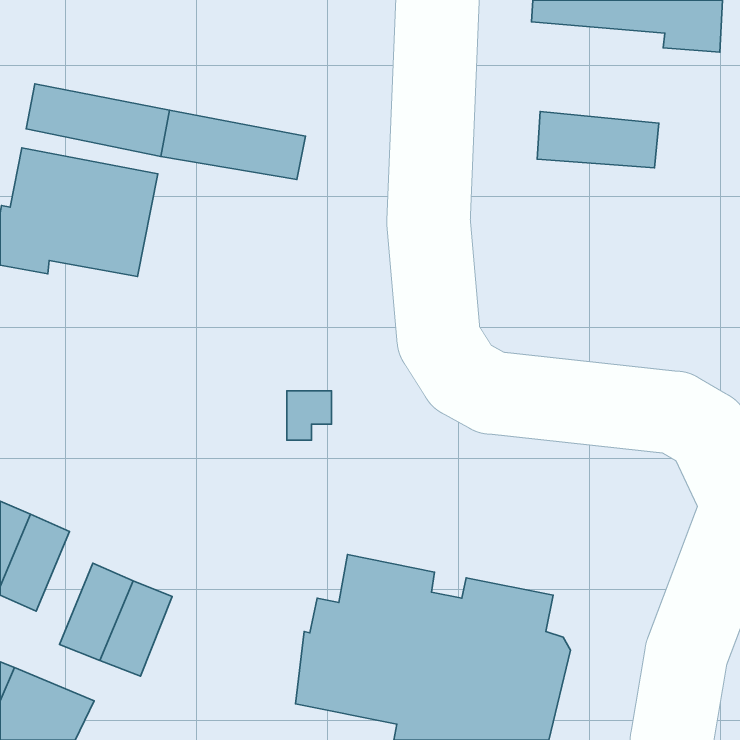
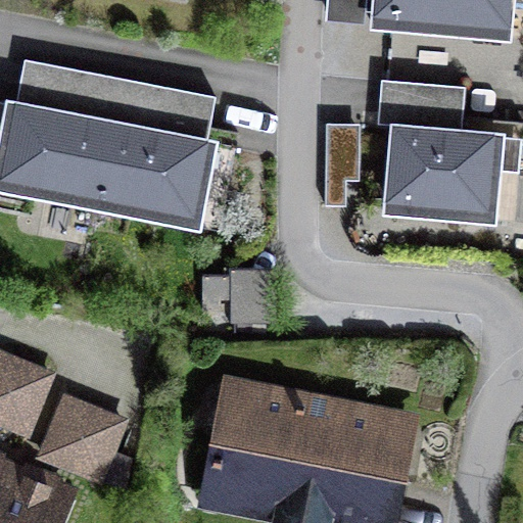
building: none -> [97,123,206,226]
building: none -> [387,126,495,219]

